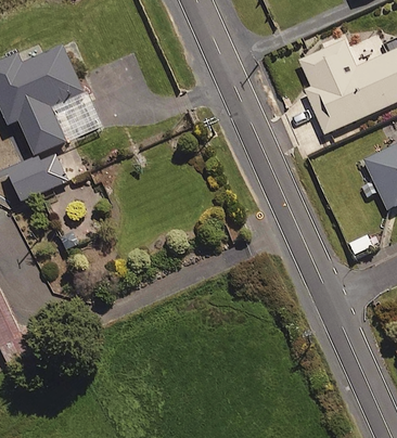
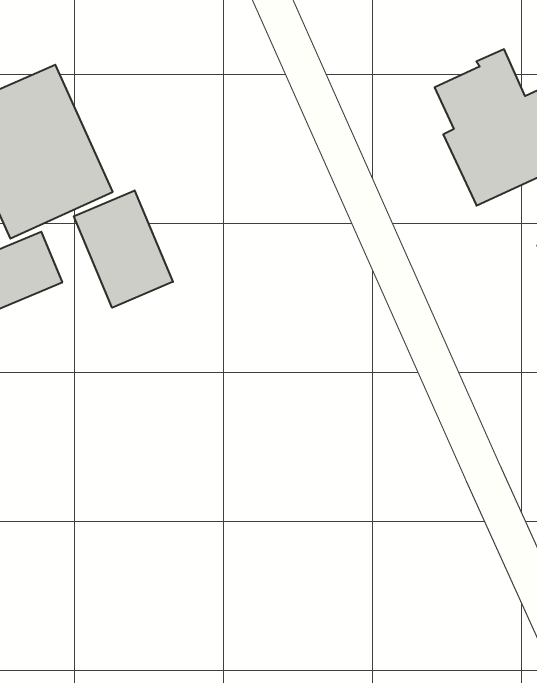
building: none -> [74,190,173,308]

